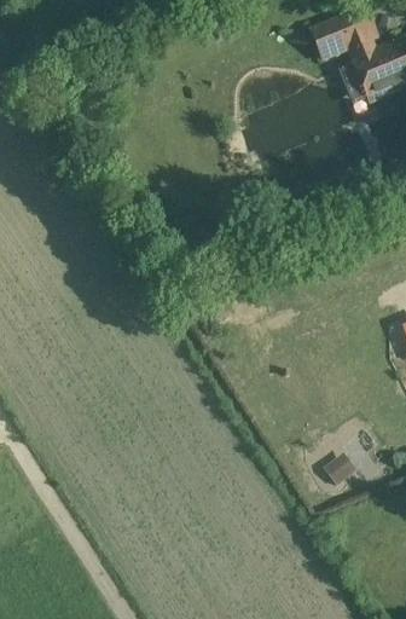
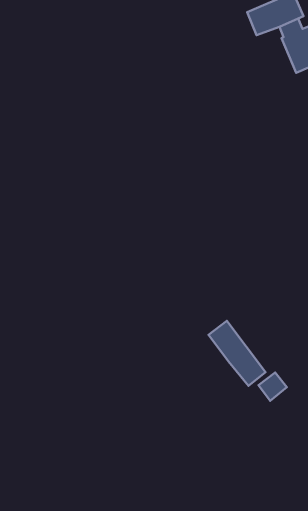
building: none -> [209,321,265,386]

